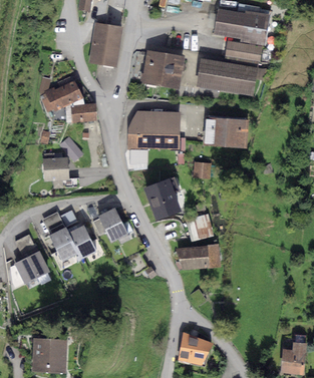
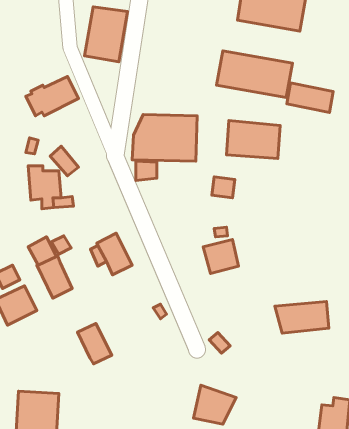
building: [225,40,263,64] -> [287,83,333,112]
building: [142,49,186,88] -> none
building: [71,102,97,121] -> none
building: [144,176,182,220] -> none
building: [68,225,96,258] -> [78,323,112,364]
building: [177,244,221,270] -> [275,301,329,333]

